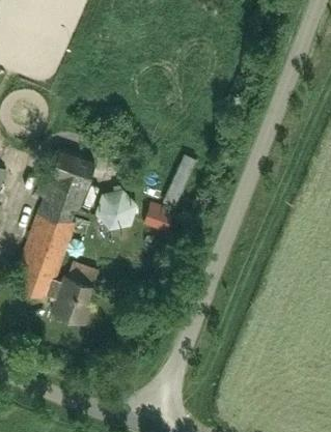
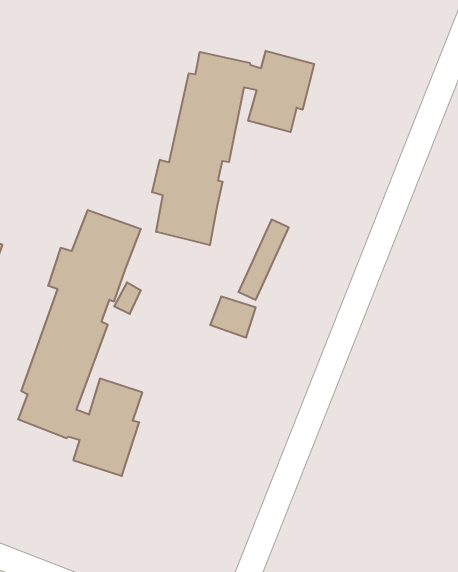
building: none -> [152,51,314,245]
building: [94,191,136,230] -> none

